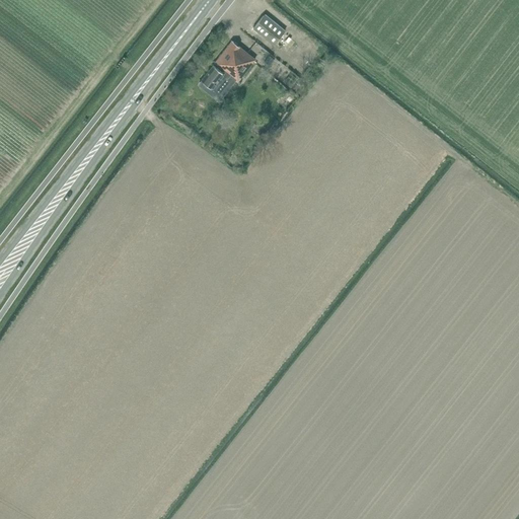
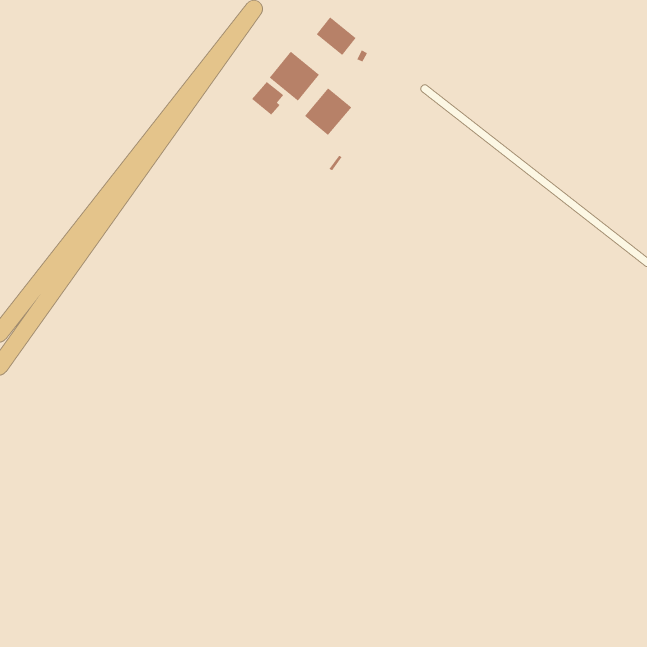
building: none -> [304,88,352,136]

